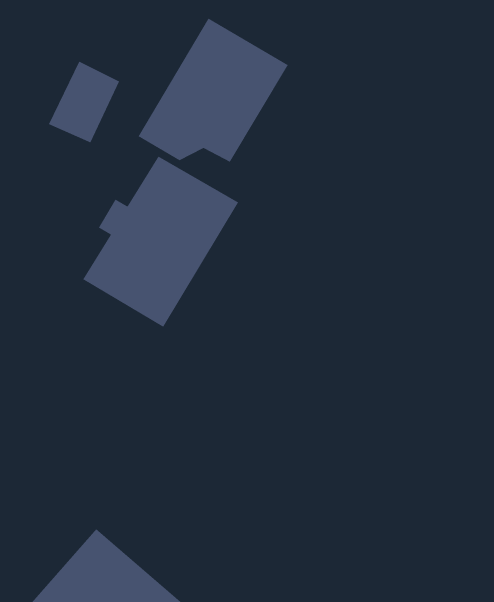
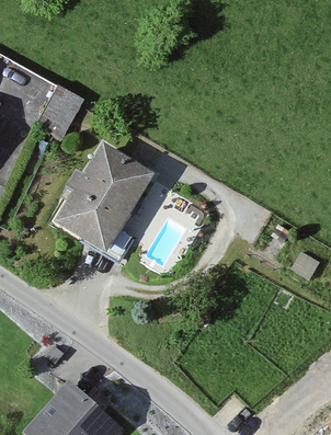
building: [137,18,289,163] -> none

